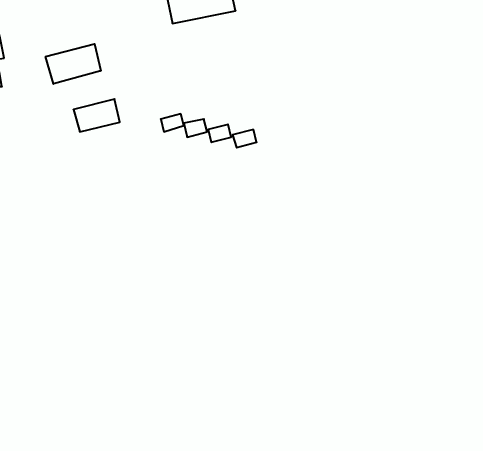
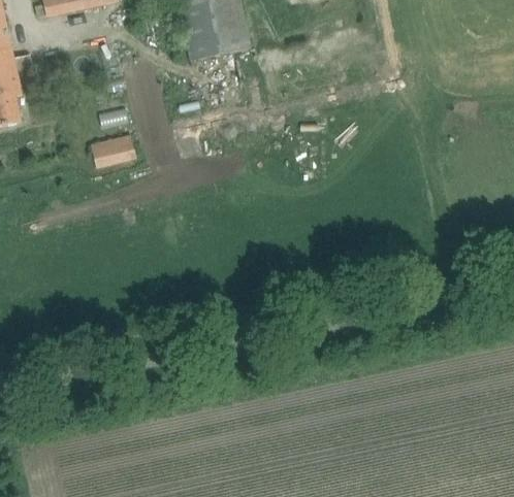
building: [46,44,101,84] -> none

